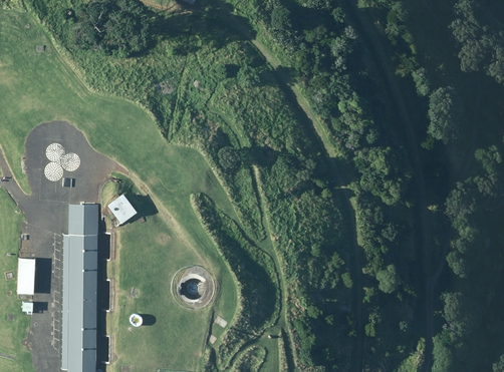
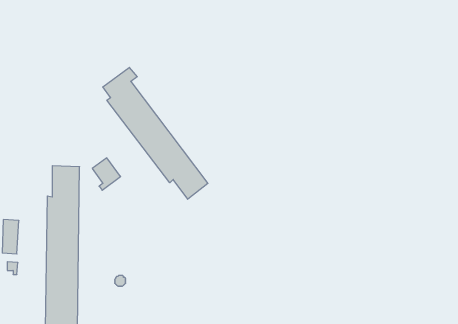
building: none -> [103,67,208,199]

